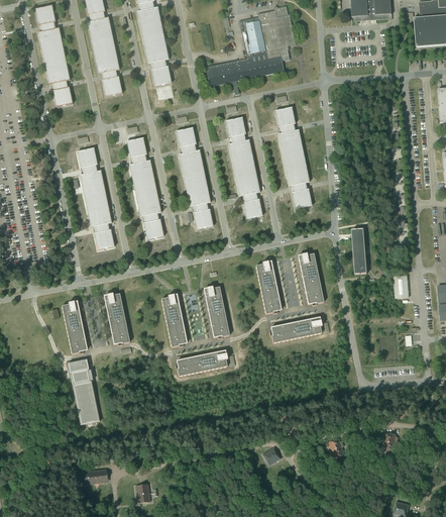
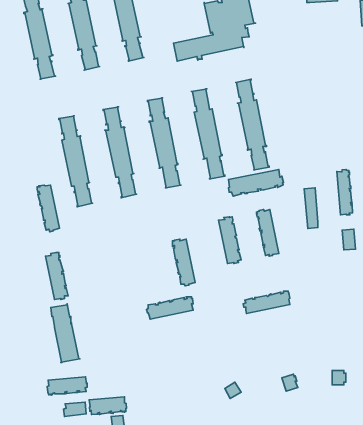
building: none -> [228,169,283,196]
building: none -> [337,169,353,215]
building: [104,293,129,345] -> [37,185,60,232]
building: [161,294,186,346] -> none
building: [268,317,321,342] -> [243,291,290,314]
building: none -> [47,377,87,395]
building: none -> [89,397,127,415]

